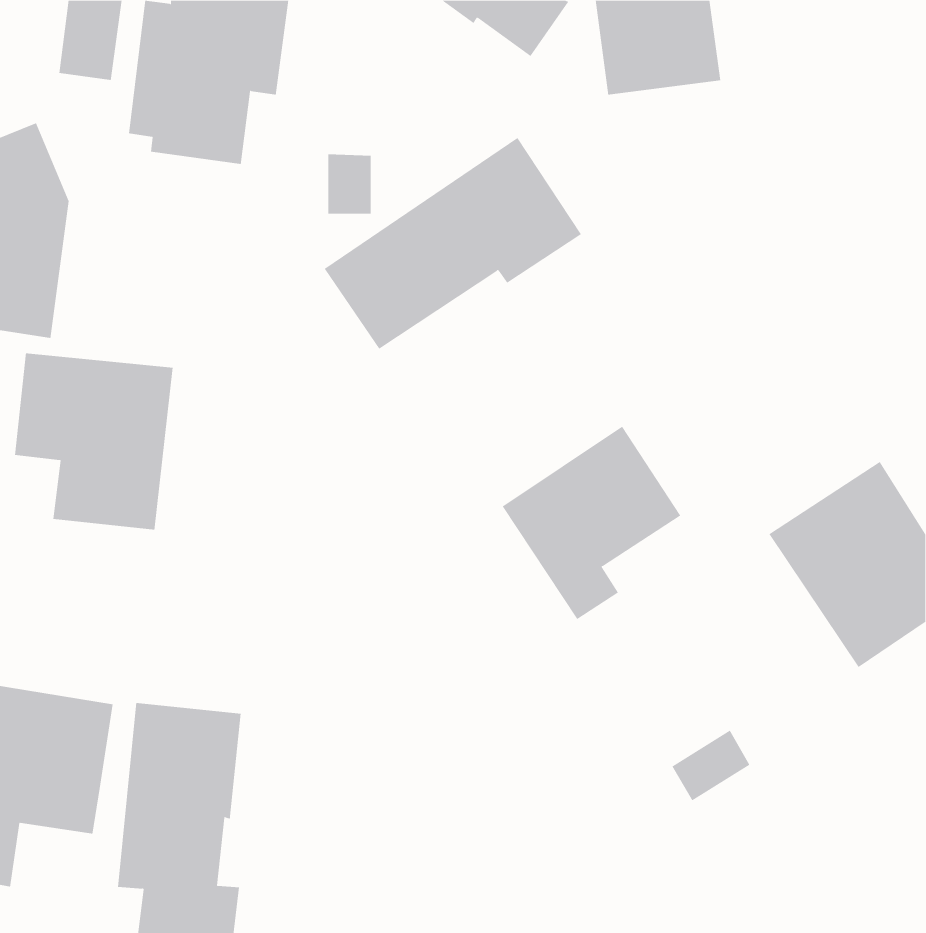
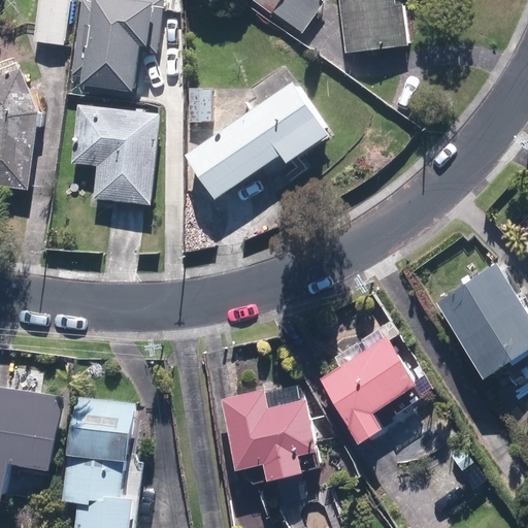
building: [14,353,173,530] -> [71,107,161,207]
building: [502,426,681,620] -> [314,331,415,440]
building: none -> [216,386,312,480]

